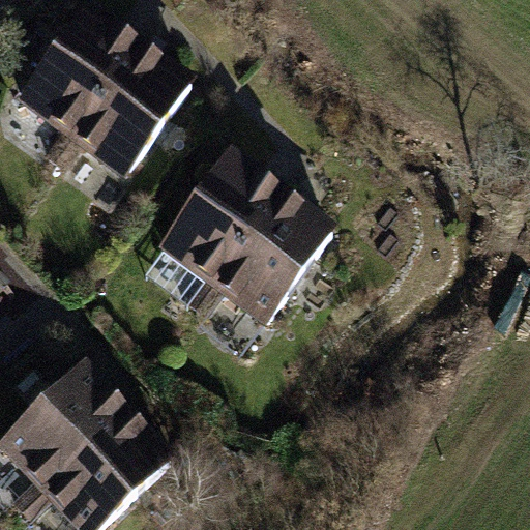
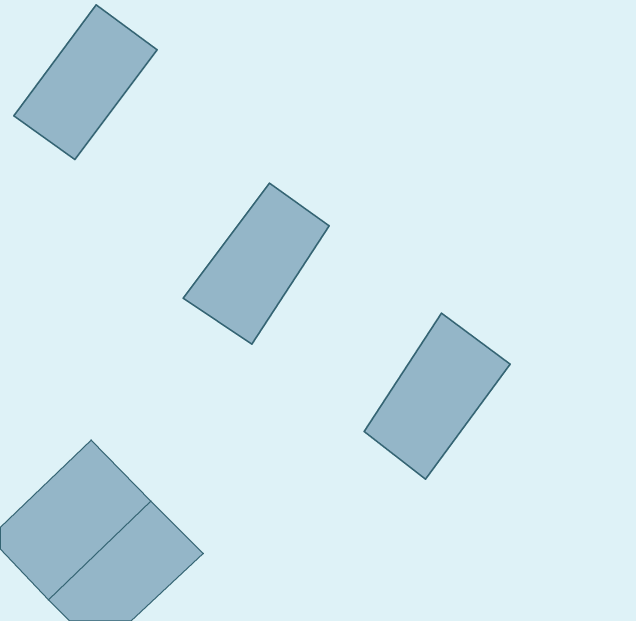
building: [63,41,192,177] -> none
building: [210,187,331,325] -> [364,313,510,479]

